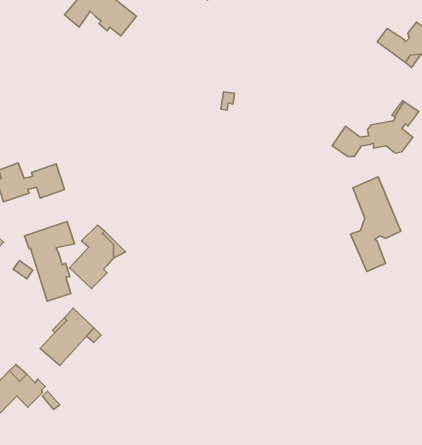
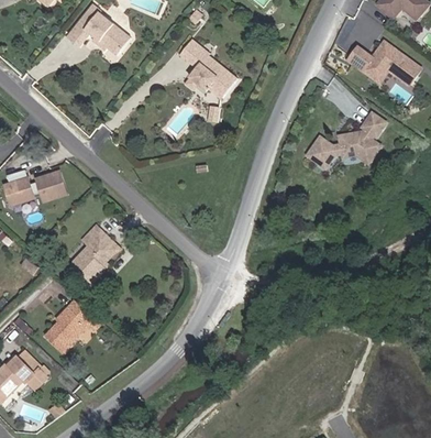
building: none -> [178,37,237,98]
building: [350,177,401,271] -> none
building: [24,222,75,301] -> none

